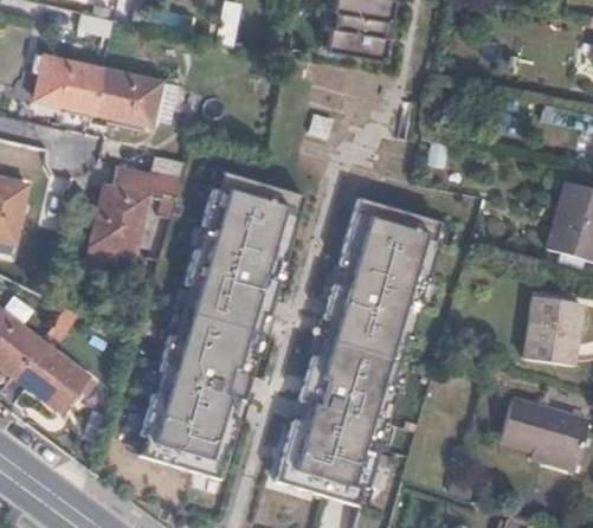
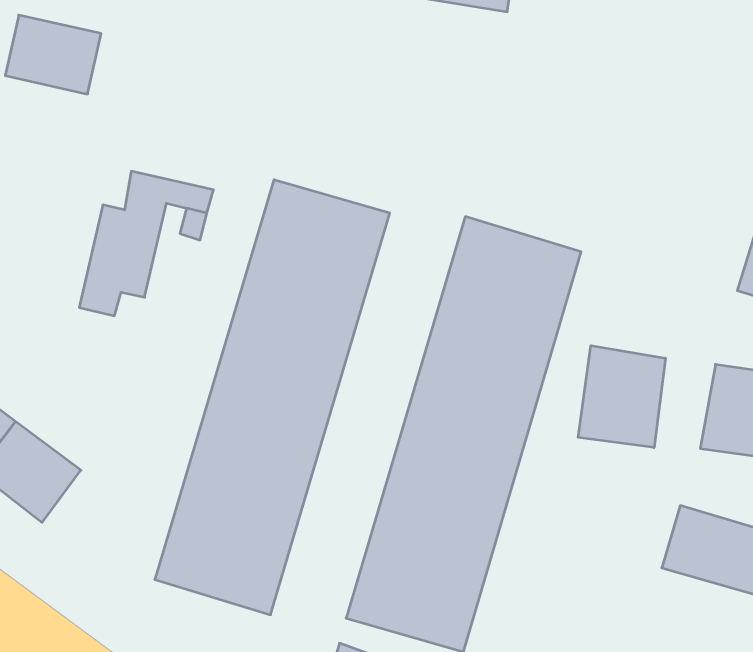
building: [91,66,160,122] -> none
building: none -> [578,346,665,448]

